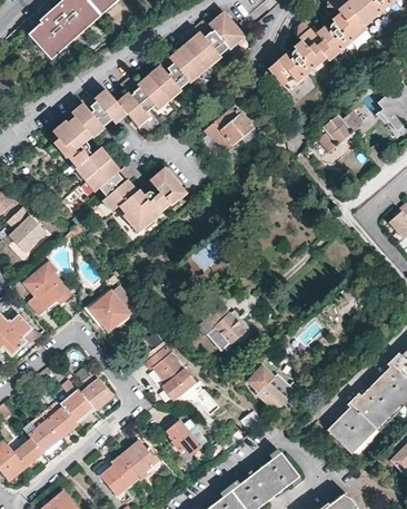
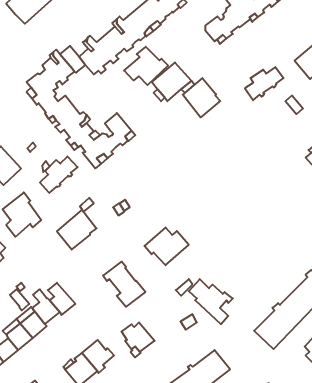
building: none -> [124,47,168,85]
building: none -> [183,78,220,117]
building: none -> [40,156,78,193]

